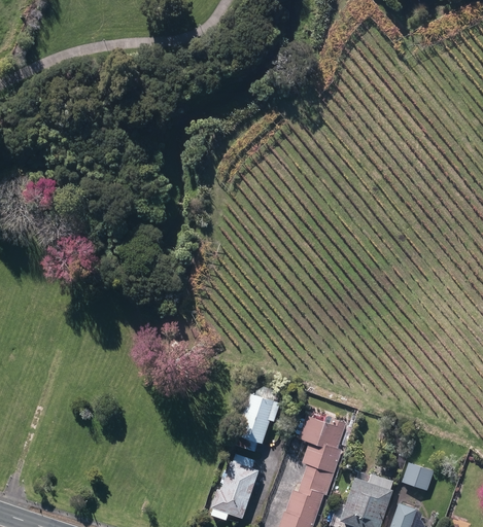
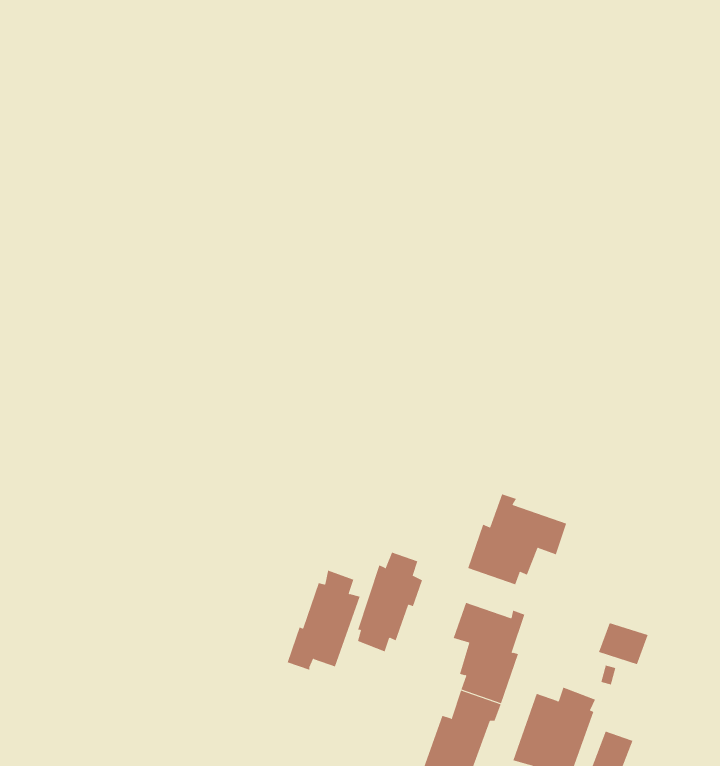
building: none -> [467,494,567,585]
building: [210,453,258,519] -> [287,570,361,670]
building: [402,462,435,490] -> [598,622,649,665]

